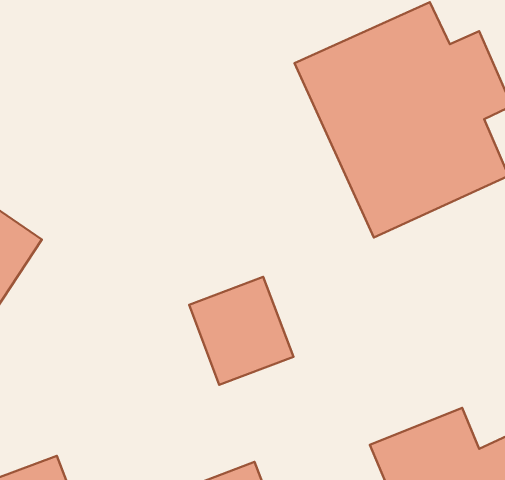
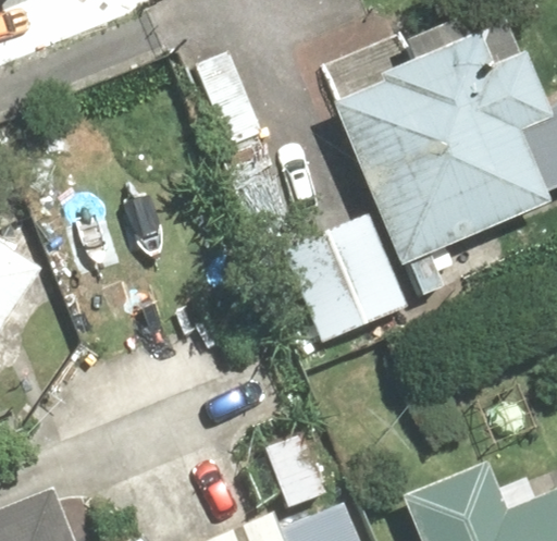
building: [189,277,293,385] -> [288,225,401,343]

